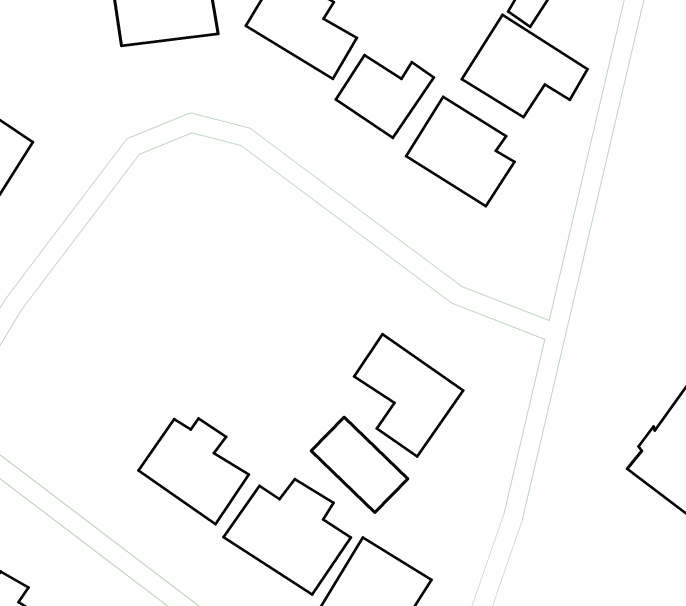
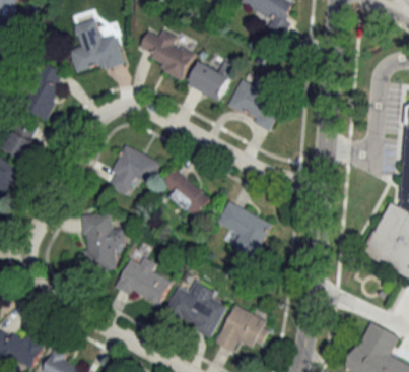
building: [462,15,588,117] -> none
building: none -> [26,63,64,119]
building: none -> [107,145,160,195]
building: none -> [81,213,124,269]
building: [311,417,408,513] -> [159,171,210,216]

